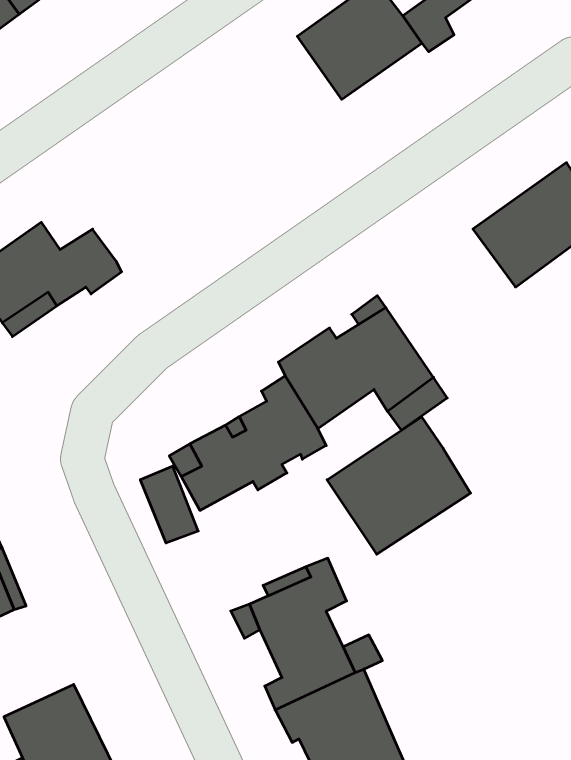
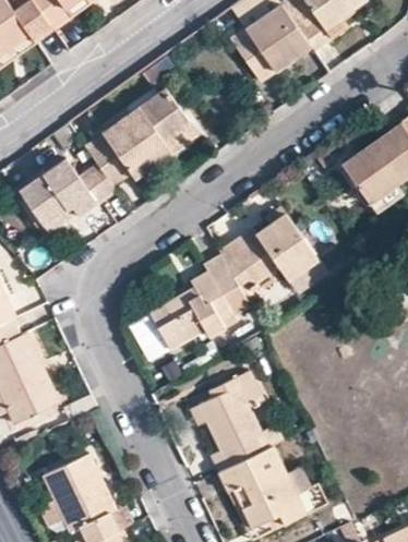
building: none -> [87,87,192,184]
building: [327,417,471,554] -> none

